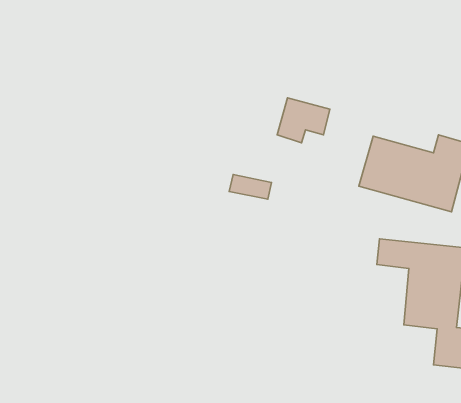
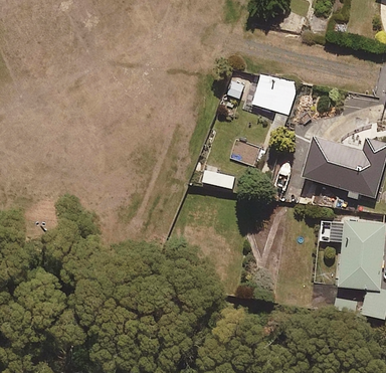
building: [277,98,330,143] -> [252,72,294,108]

